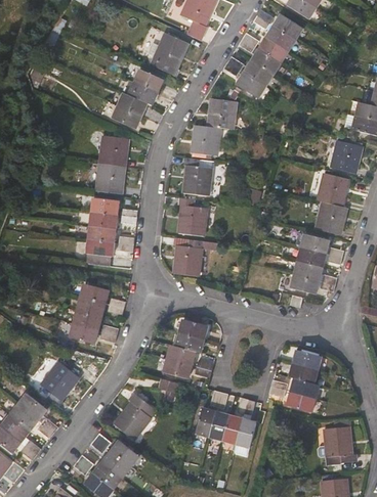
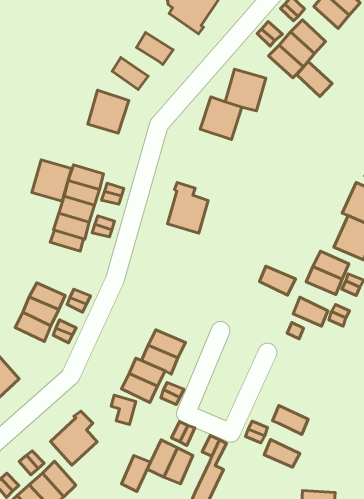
building: [258,37,288,63] -> [297,61,332,96]
building: [133,67,163,91] -> none
building: [117,92,148,116] -> none
building: [182,156,212,195] -> none
building: [96,163,125,193] -> [32,160,72,201]
building: [173,237,203,275] -> none
building: [294,260,323,280] -> [259,266,295,295]
building: [80,283,109,304] -> none
building: [292,349,321,370] -> none
building: [290,377,319,399] -> none
building: [223,415,244,444] -> [121,456,151,492]

